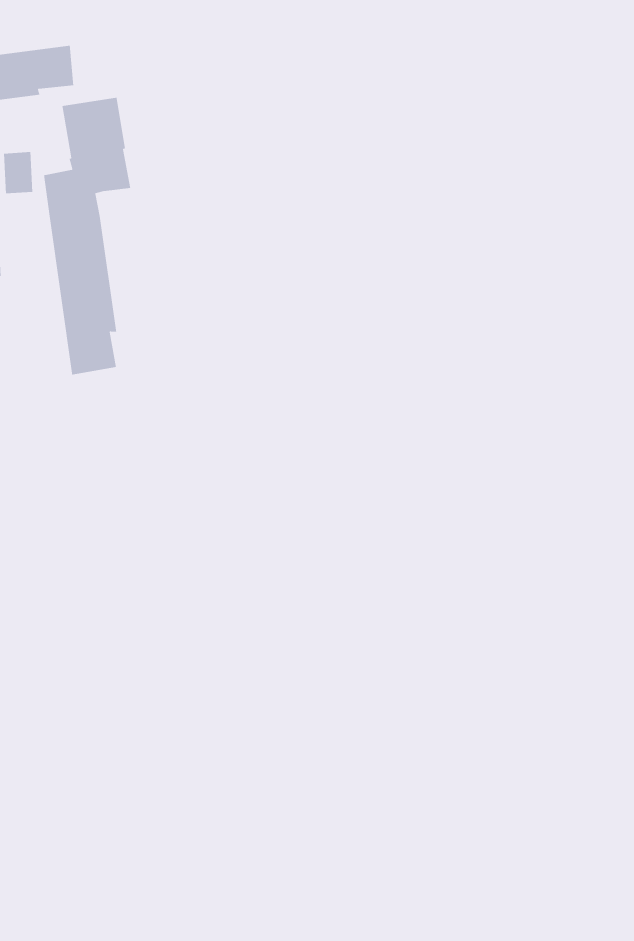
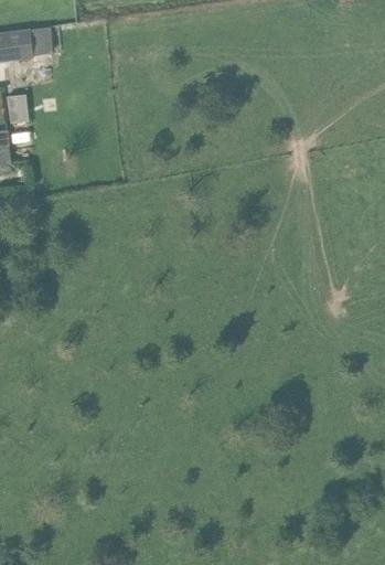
building: [43,97,131,376] -> none

